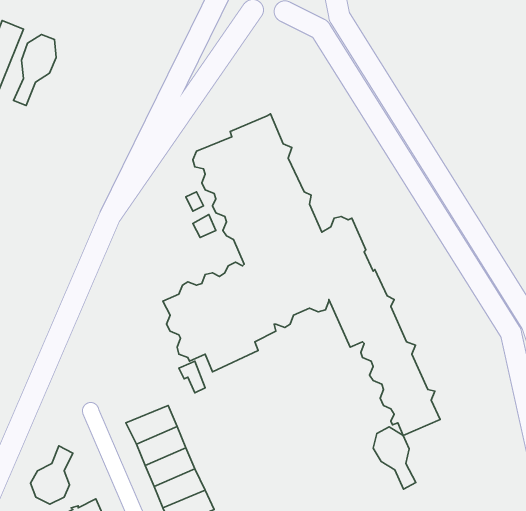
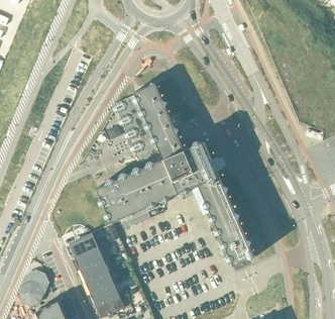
building: [13,34,56,106] -> none
building: none -> [70,235,99,258]
building: [373,427,416,489] -> none

